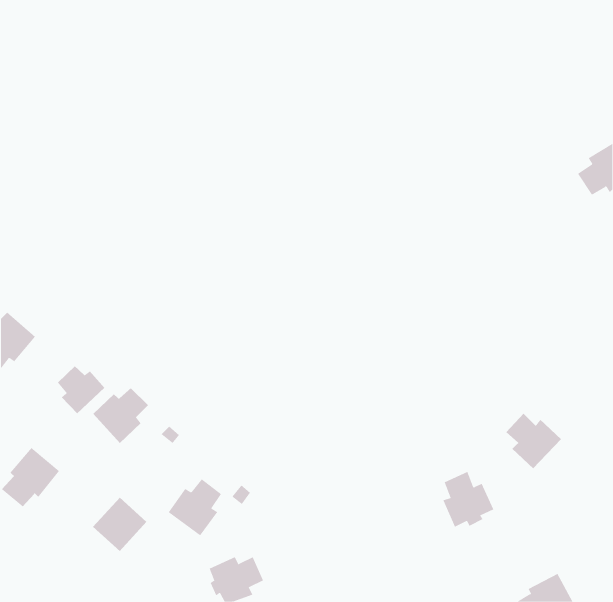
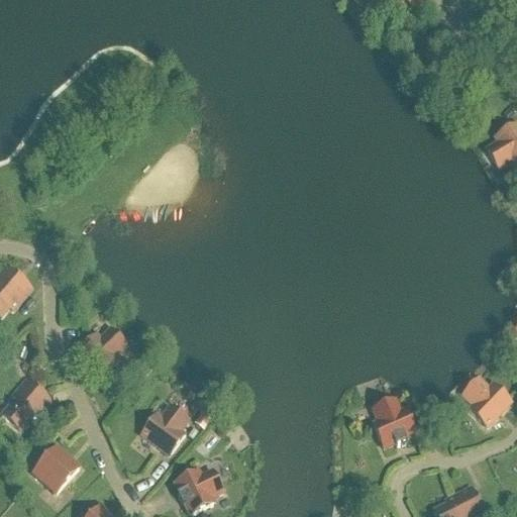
building: [57,365,105,414] -> none
building: [506,413,562,469] -> [462,376,510,423]
building: [92,497,147,552] -> [32,443,79,490]

